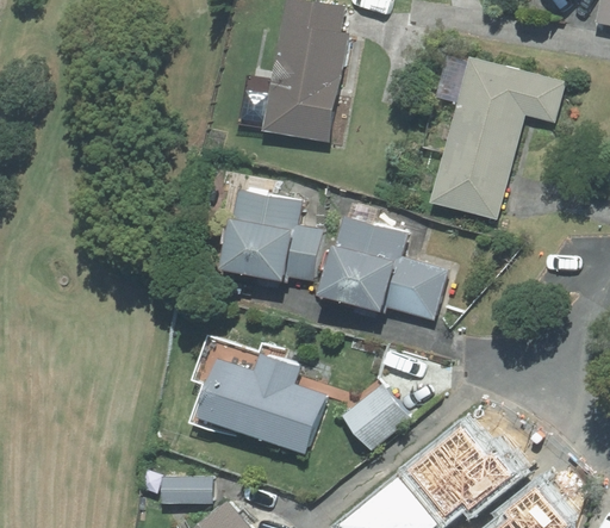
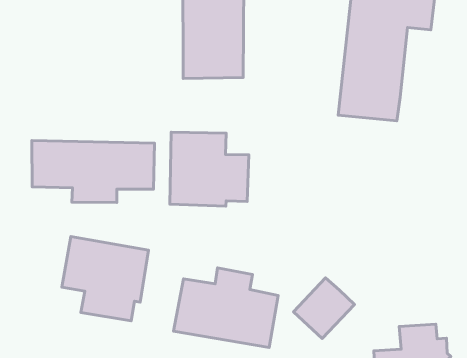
building: none -> [32,140,155,203]
building: [322,213,446,321] -> none
building: none -> [62,237,148,321]

